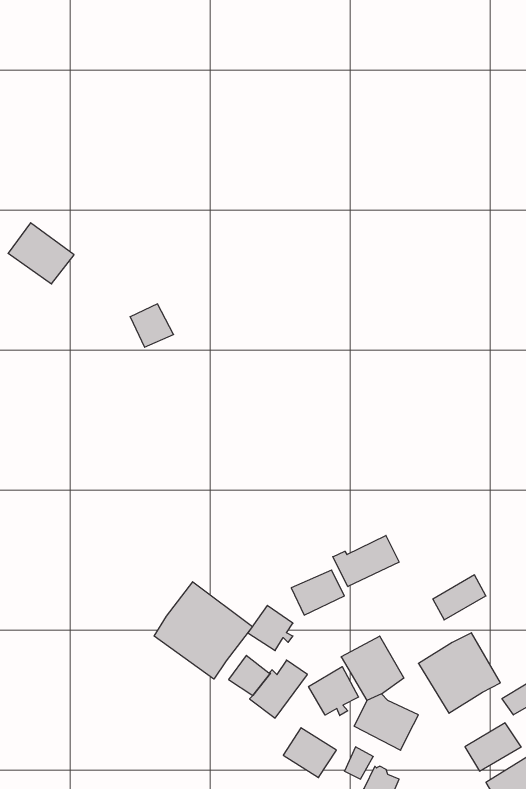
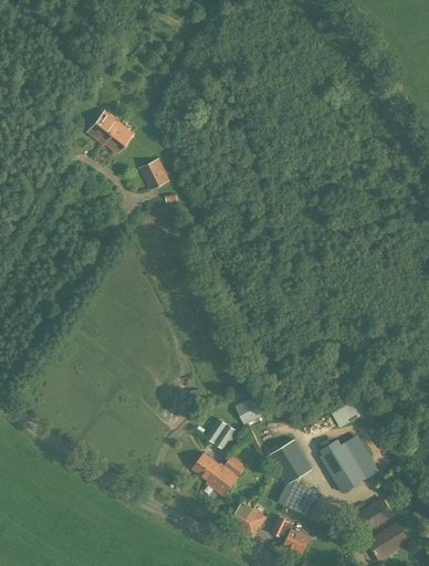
building: [8,223,74,284] -> [87,112,133,154]
building: [130,304,174,347] -> [139,159,169,189]
building: [333,535,399,587] -> none
building: [154,582,252,679] -> none
building: [309,667,359,716] -> none

